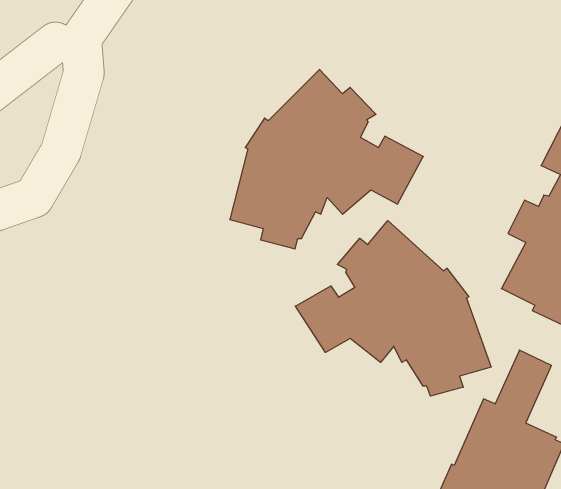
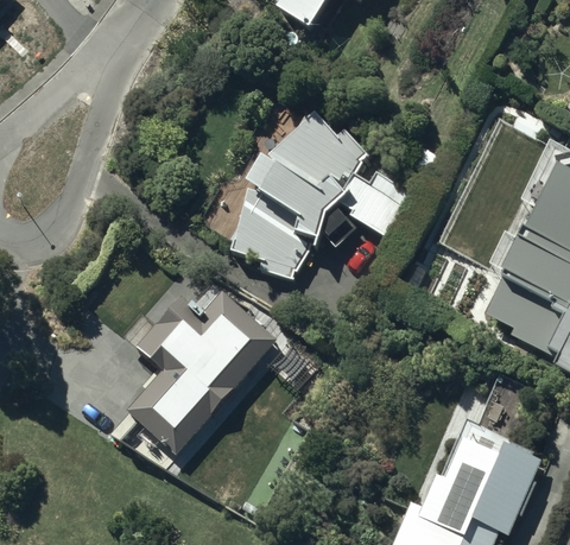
building: [295,221,491,396] -> none
building: none -> [112,284,278,469]

